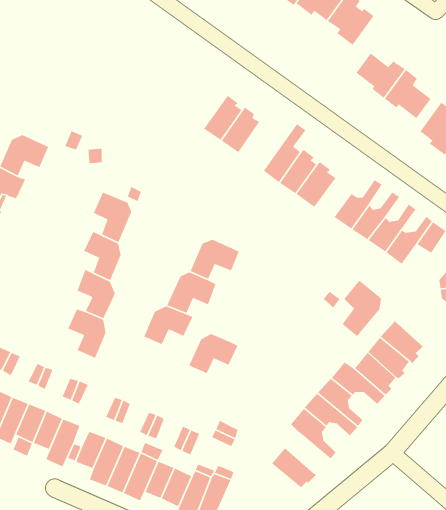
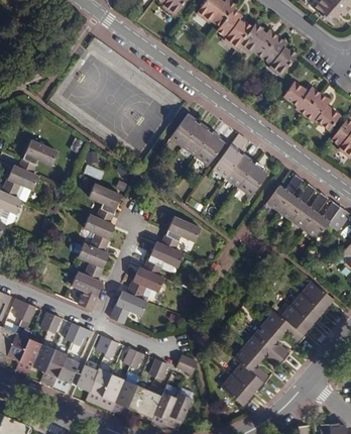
building: none -> [196,130,224,165]
building: [341,279,382,337] -> none
building: [188,333,239,374] -> [108,292,145,322]
building: none -> [230,362,264,393]

